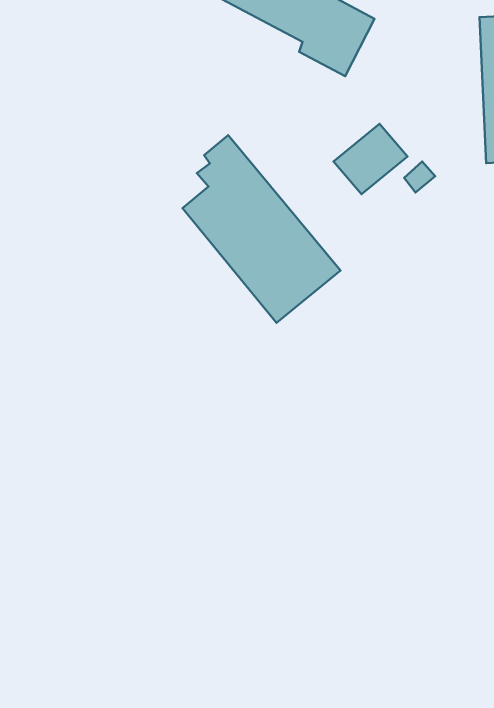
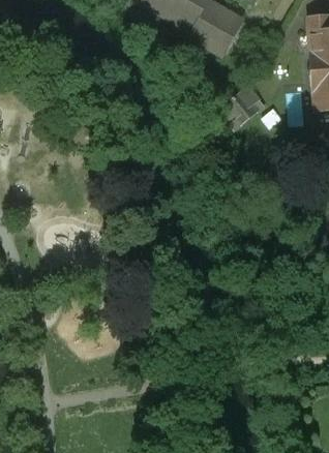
building: [183,135,341,323] -> none

